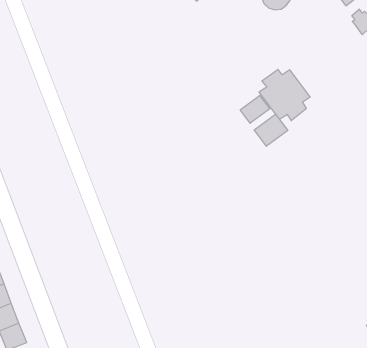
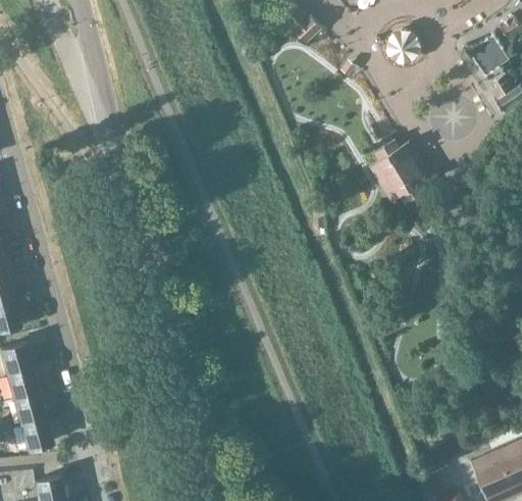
building: [240,95,270,123] -> none
building: [254,114,288,146] -> none

